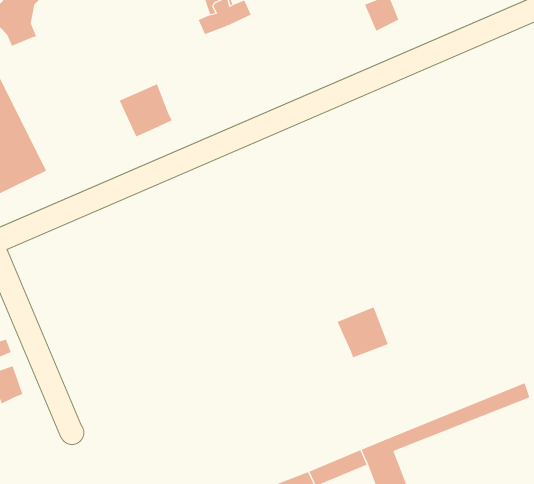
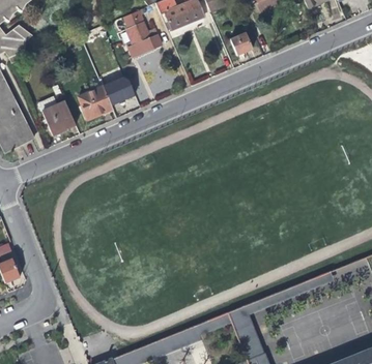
building: none -> [102,78,135,107]
building: none -> [40,103,76,136]
building: [337,306,388,358] -> none

